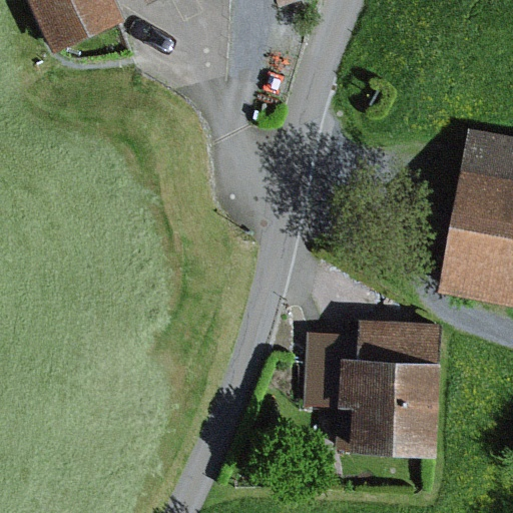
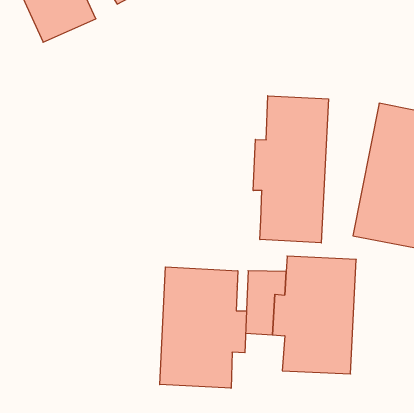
building: none -> [253,96,328,243]
building: none -> [160,267,247,388]

